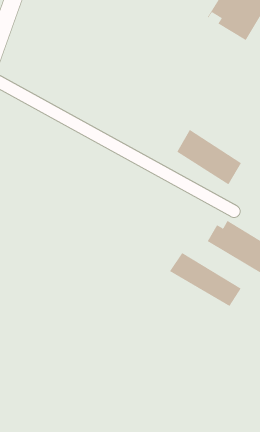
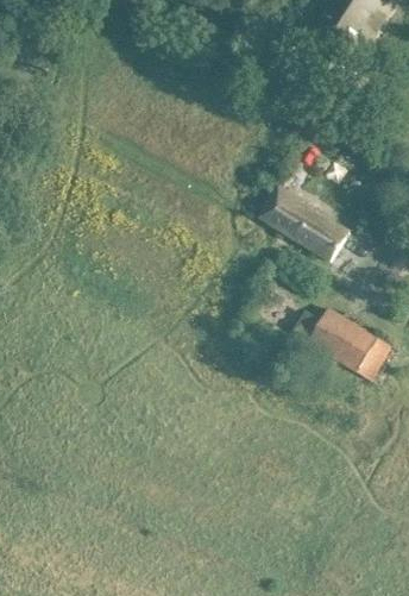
building: [169,252,242,307] -> none

